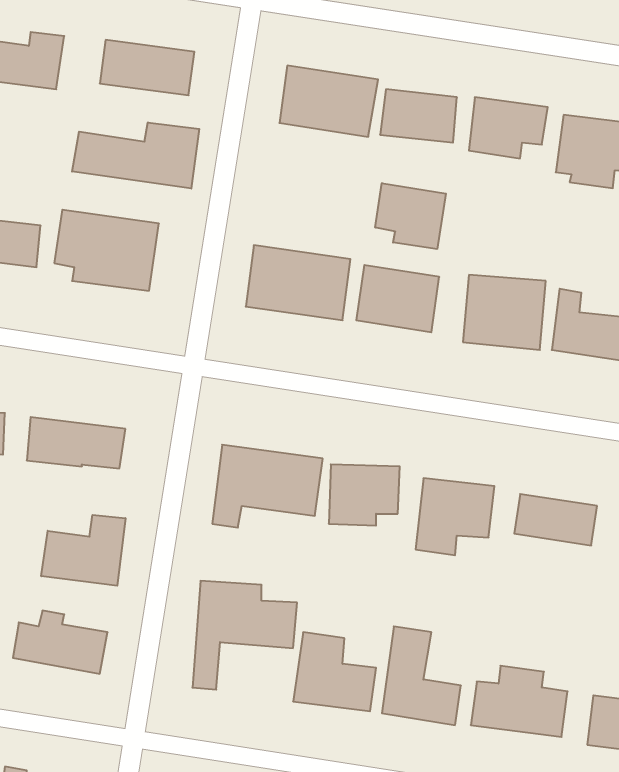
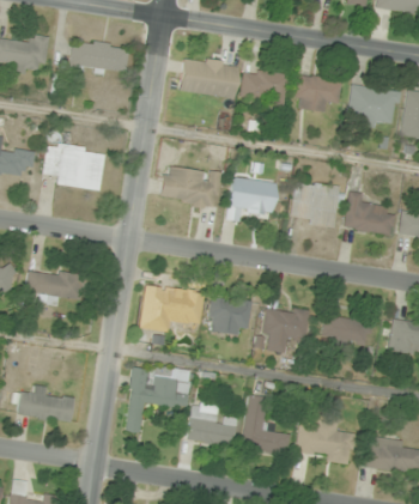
building: [72,122,199,189] -> none
building: [375,183,446,249] -> none
building: [41,515,125,586] -> none

